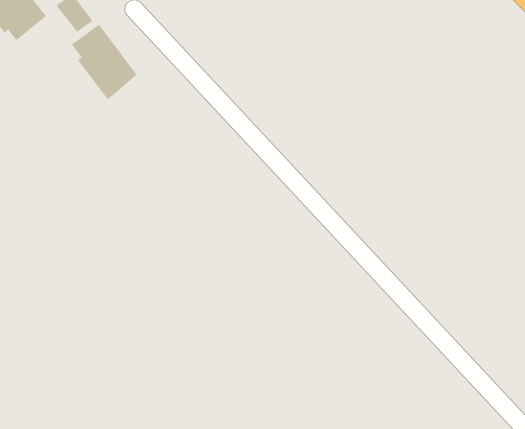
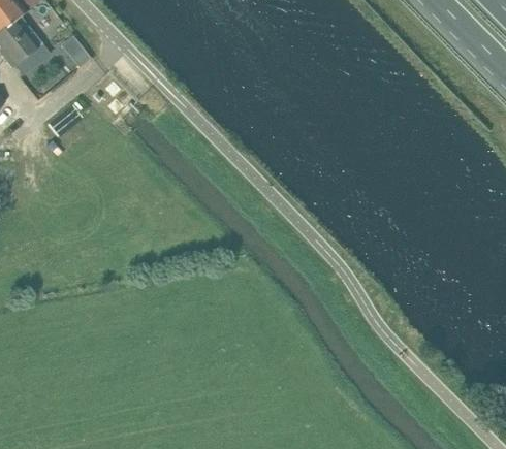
building: [71,24,138,100] -> none

